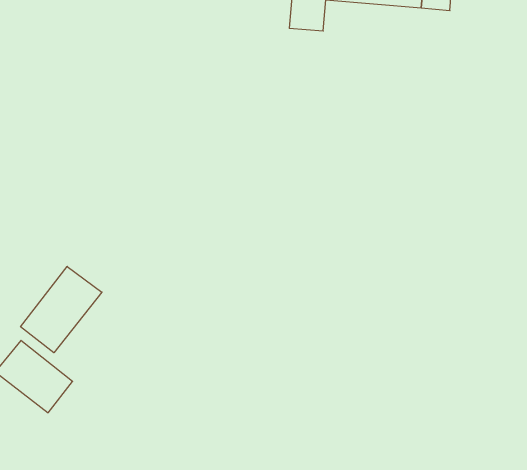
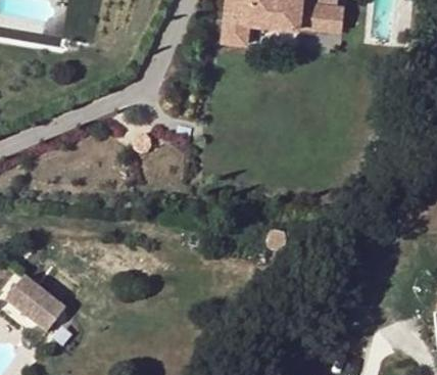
building: [21,266,102,353] -> none

